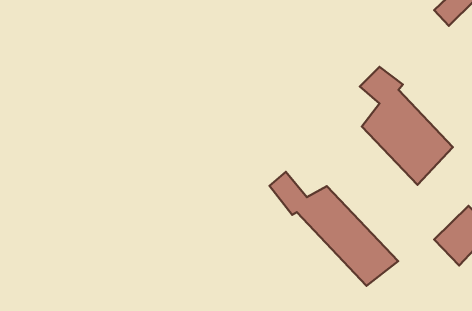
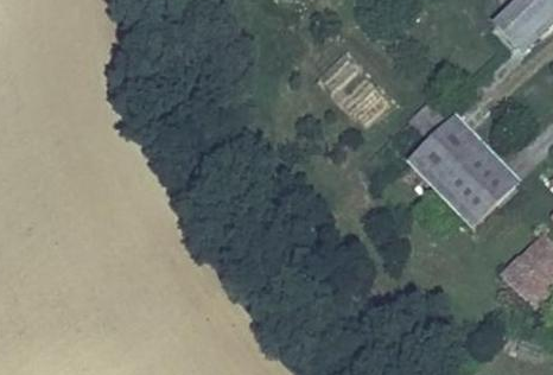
building: [269,172,398,286] -> none

